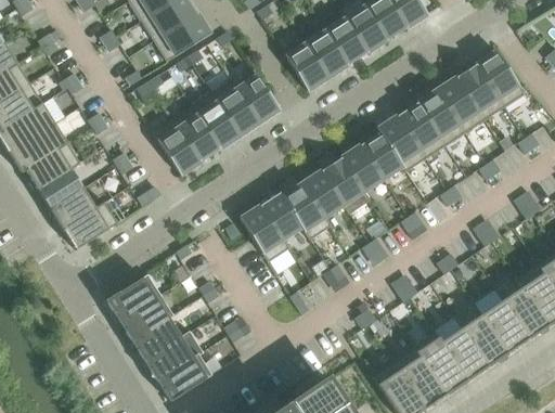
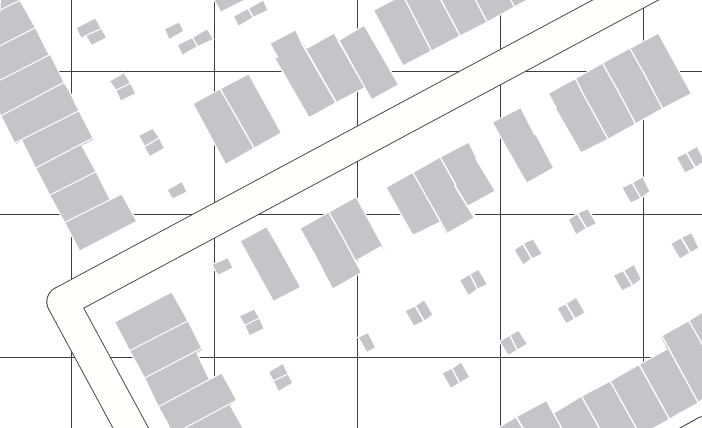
building: [193,92,241,147] -> [339,25,399,100]
building: [399,102,447,157] -> none
building: [362,127,408,178] -> none
building: [281,182,332,238] -> [237,227,301,302]

